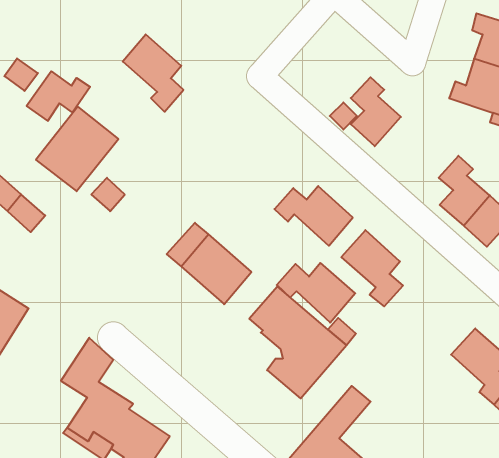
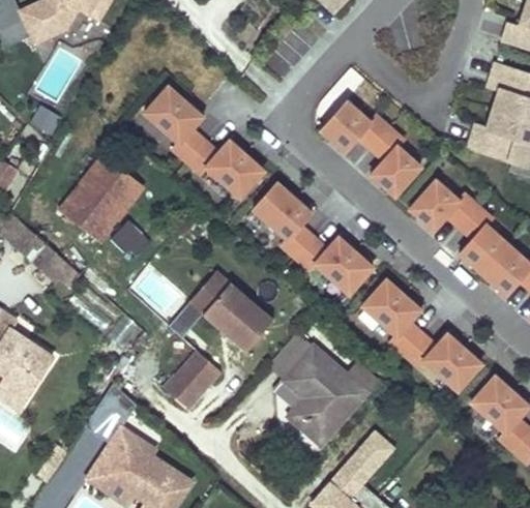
building: none -> [320,100,390,151]
building: [27,71,90,121] -> none
building: none -> [186,139,265,197]
building: none -> [408,179,477,230]
building: none -> [253,182,314,258]
building: [277,263,355,323] -> [404,332,481,391]
building: none -> [164,351,220,410]

